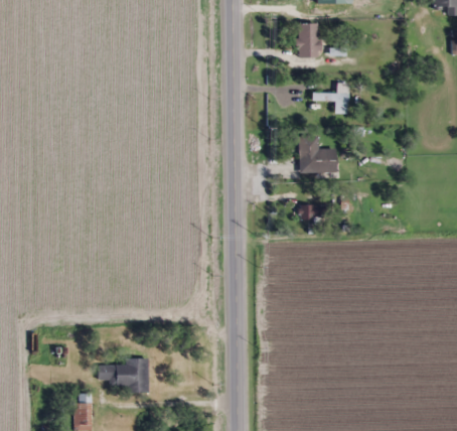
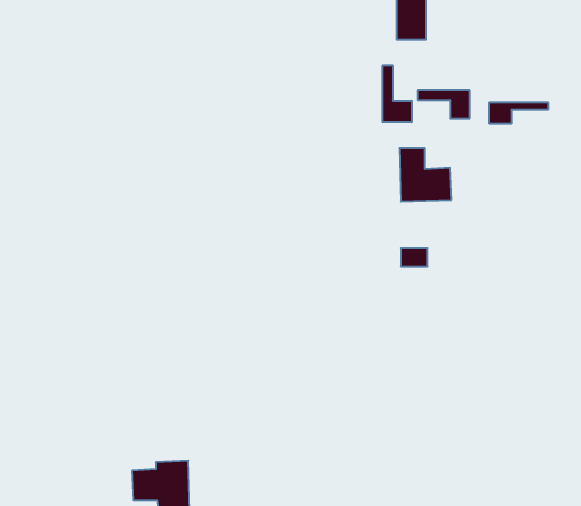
building: none -> [383,65,412,122]
building: none -> [489,102,548,124]

